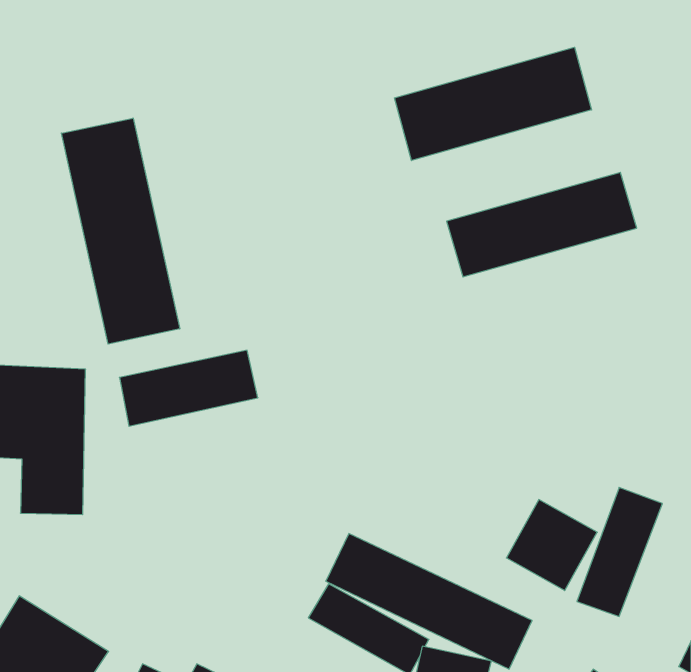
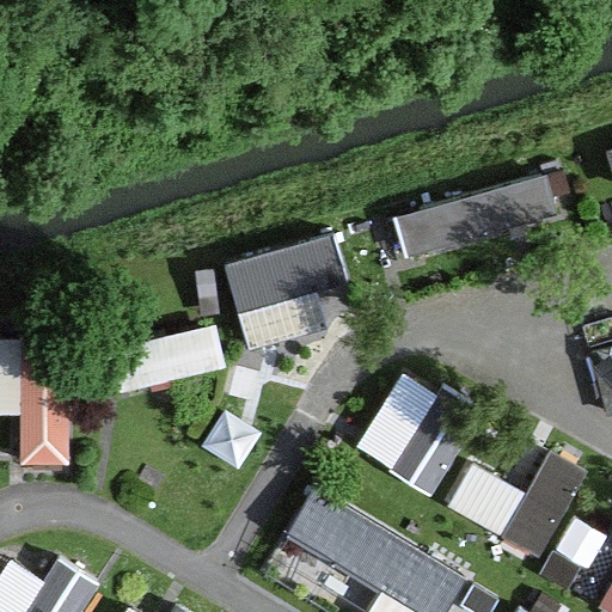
building: [394,47,592,161] -> none
building: [61,118,180,344] -> none
building: none -> [222,227,349,349]
building: none -> [355,366,483,496]

